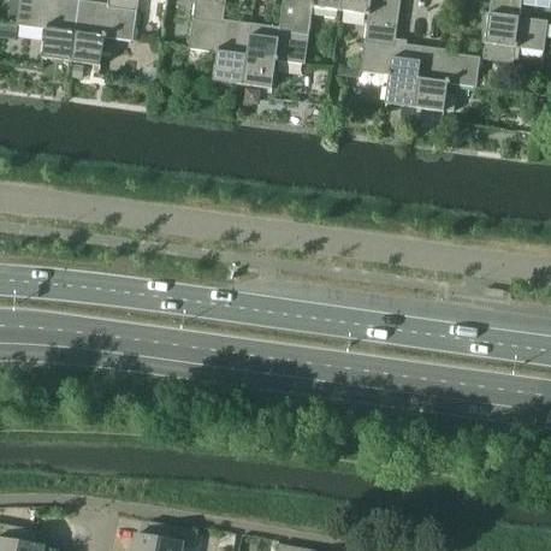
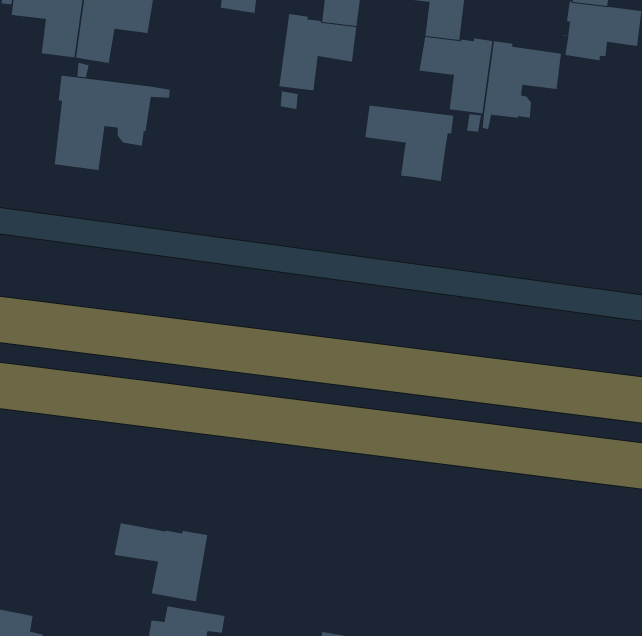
building: [189,19,250,85] -> none
building: none -> [54,75,170,171]
building: none -> [365,105,454,182]
building: none -> [114,523,208,602]

